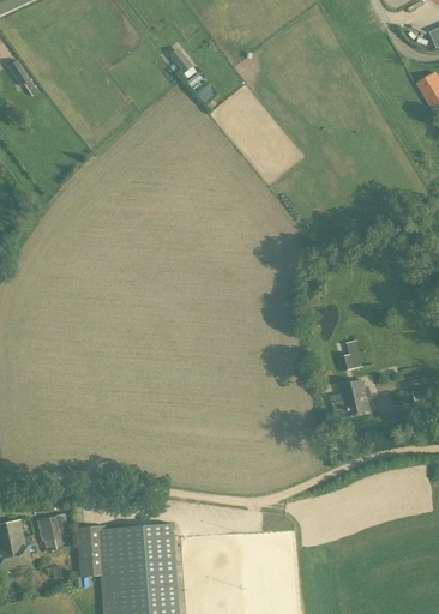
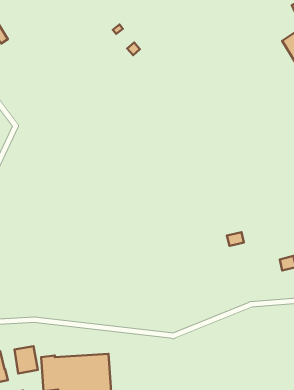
building: [339,379,374,415] -> none

